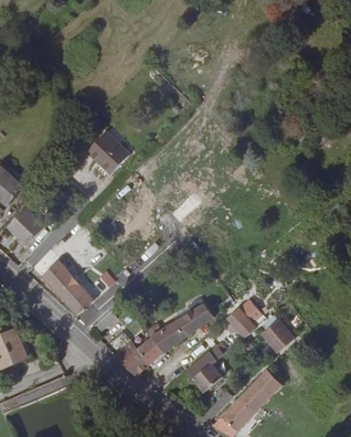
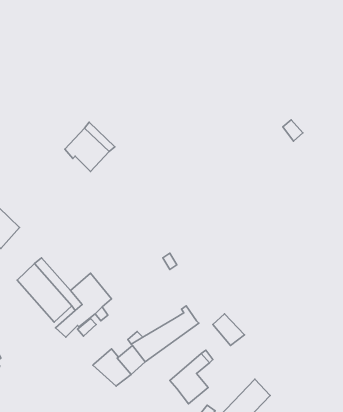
building: [262,320,294,353] -> none

